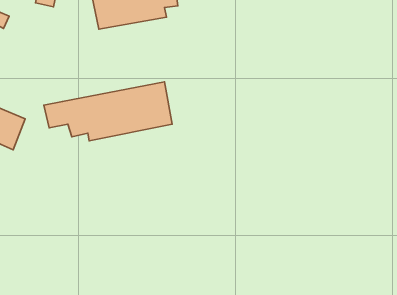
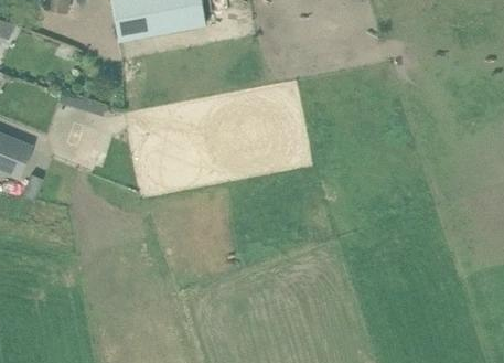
building: [44,82,172,141] -> none

